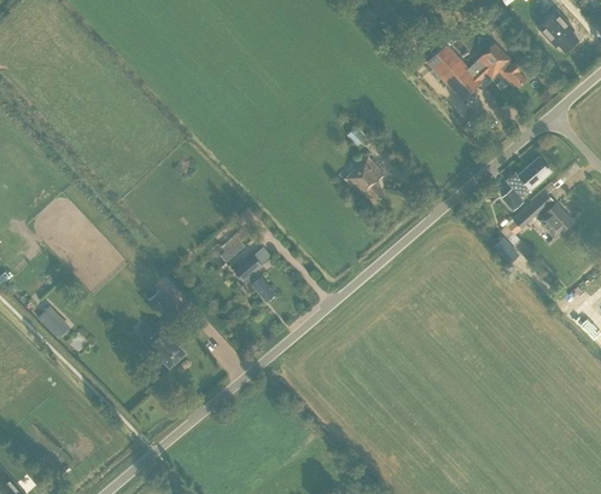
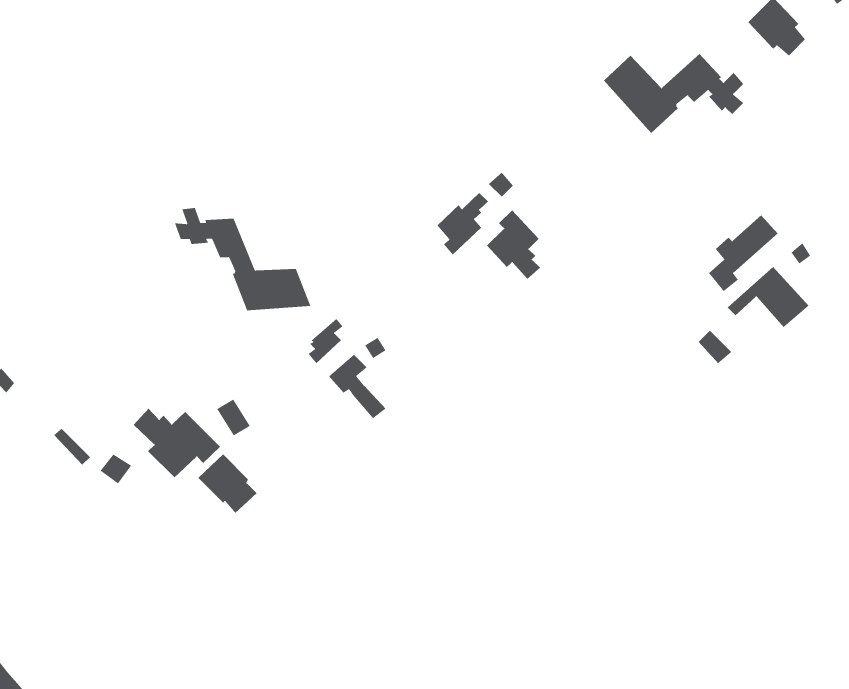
building: none -> [436,192,489,255]
building: none -> [174,207,312,311]
building: none -> [133,408,221,478]

